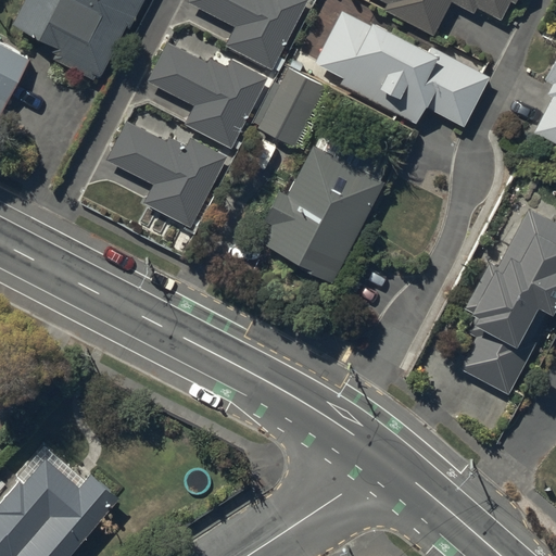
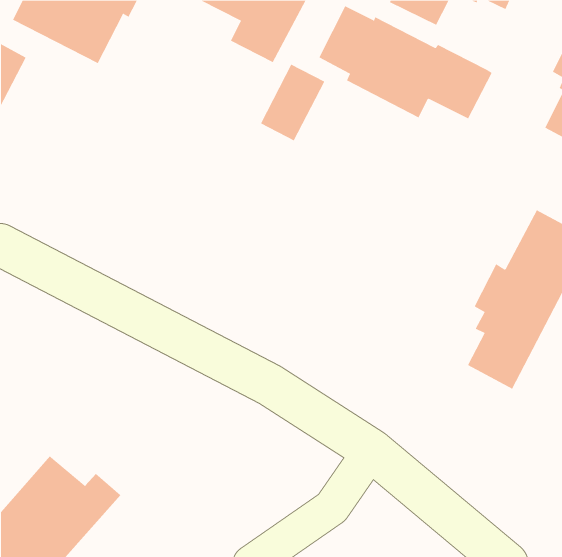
building: [149,46,265,147] -> none
building: [108,125,224,226] -> none
building: [261,150,381,279] -> none

